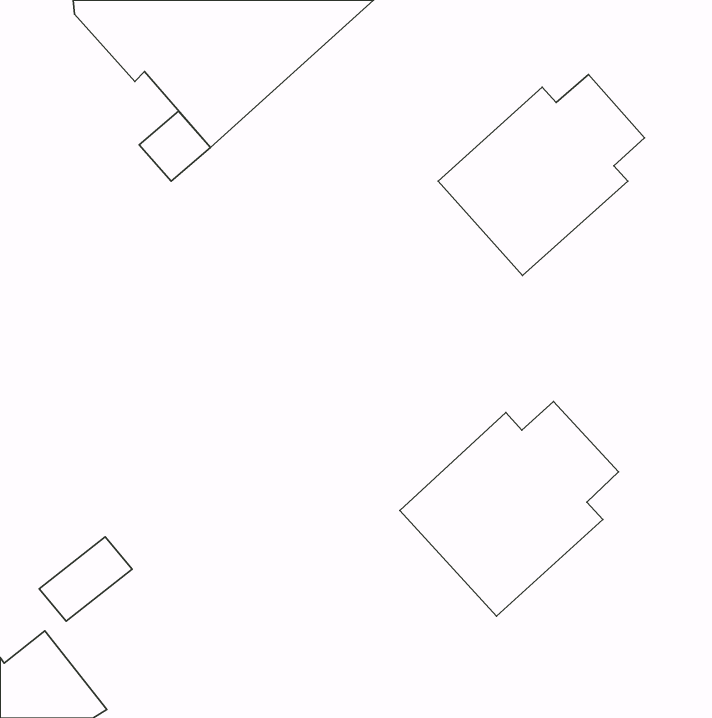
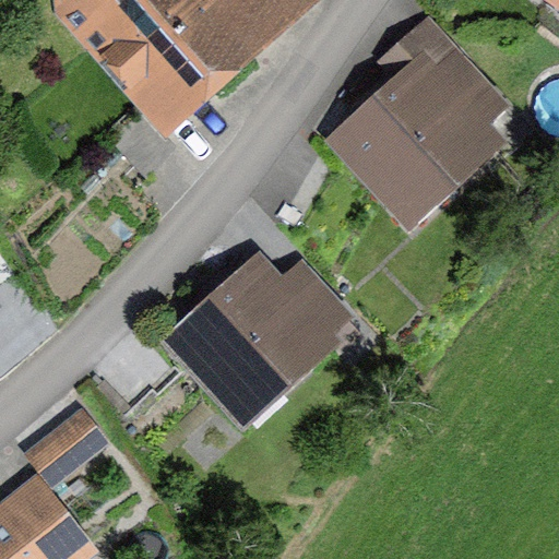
building: none -> [180,267,349,415]
building: [400,401,619,616] -> none

